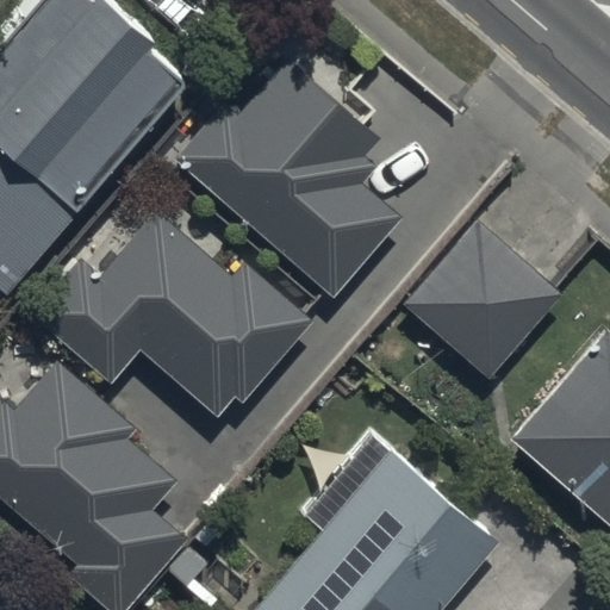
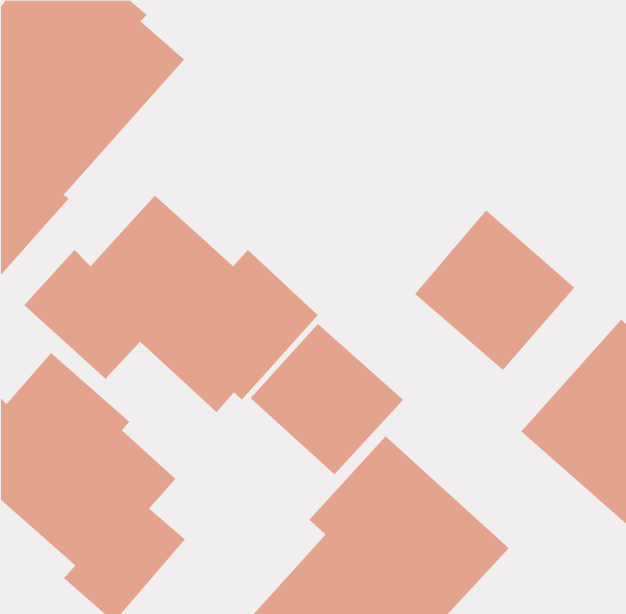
building: [173,54,404,298] -> none
building: none -> [250,323,404,475]

